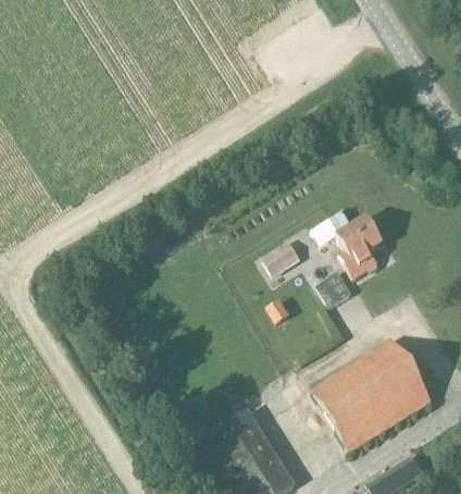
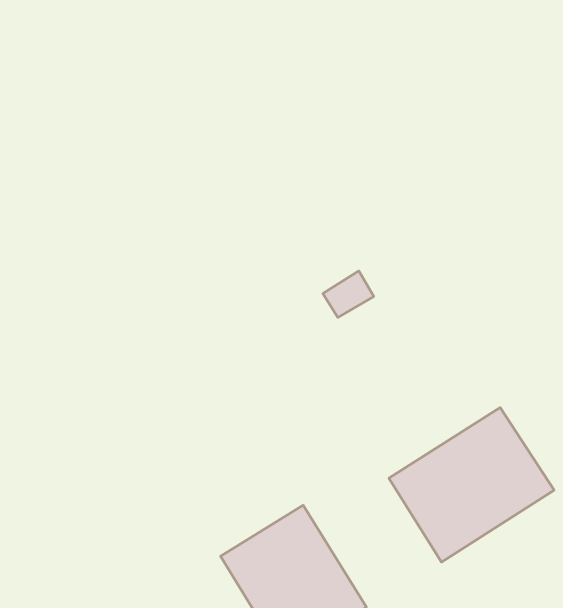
building: [334,209,386,275] -> none
building: [317,271,352,306] -> none

